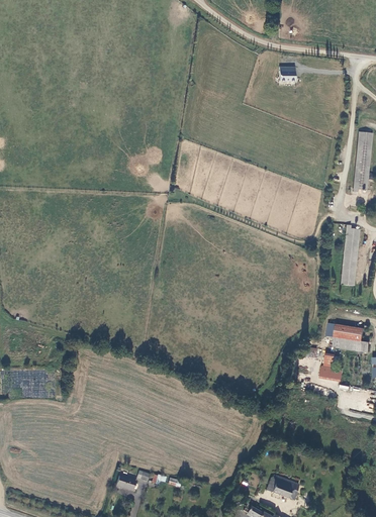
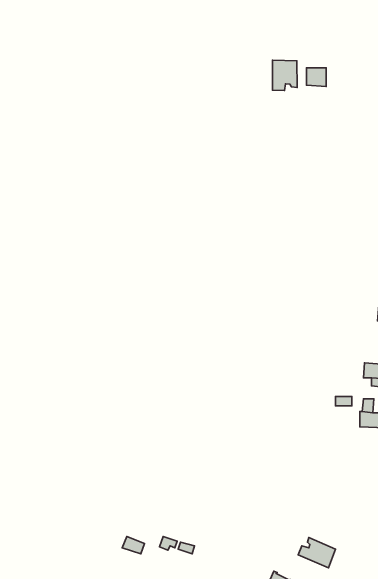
building: none -> [272,60,297,91]

